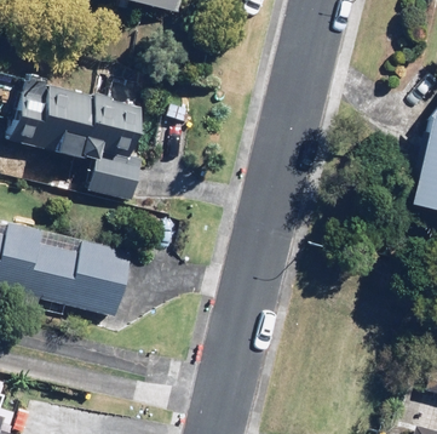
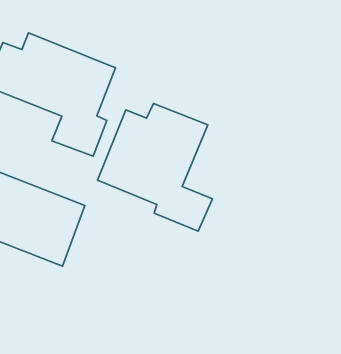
building: none -> [98,103,213,231]

